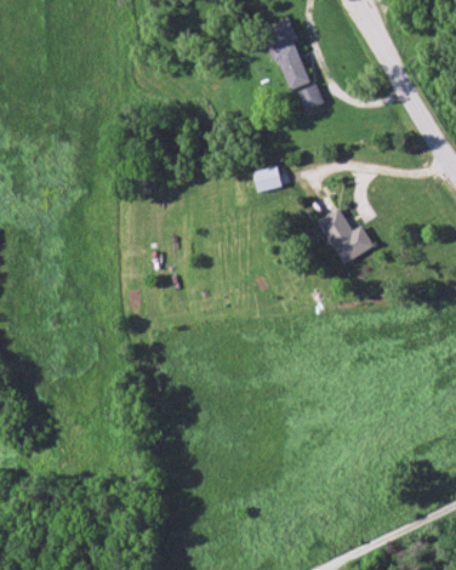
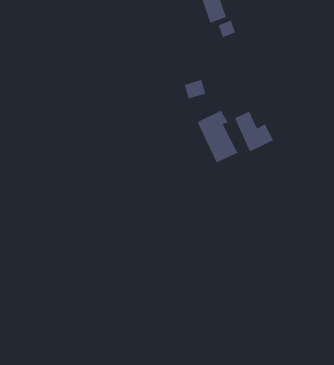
building: none -> [197,110,238,163]

